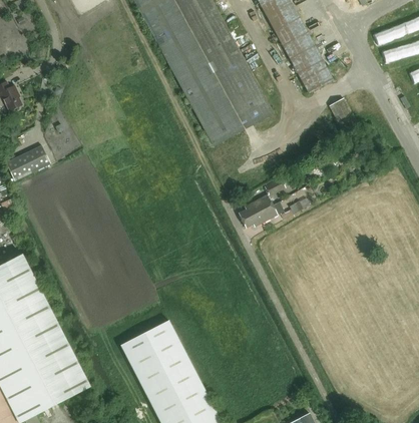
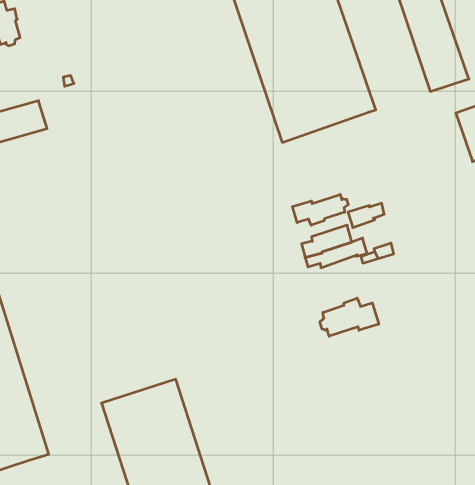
building: none -> [292,194,348,225]
building: none -> [320,298,379,336]

